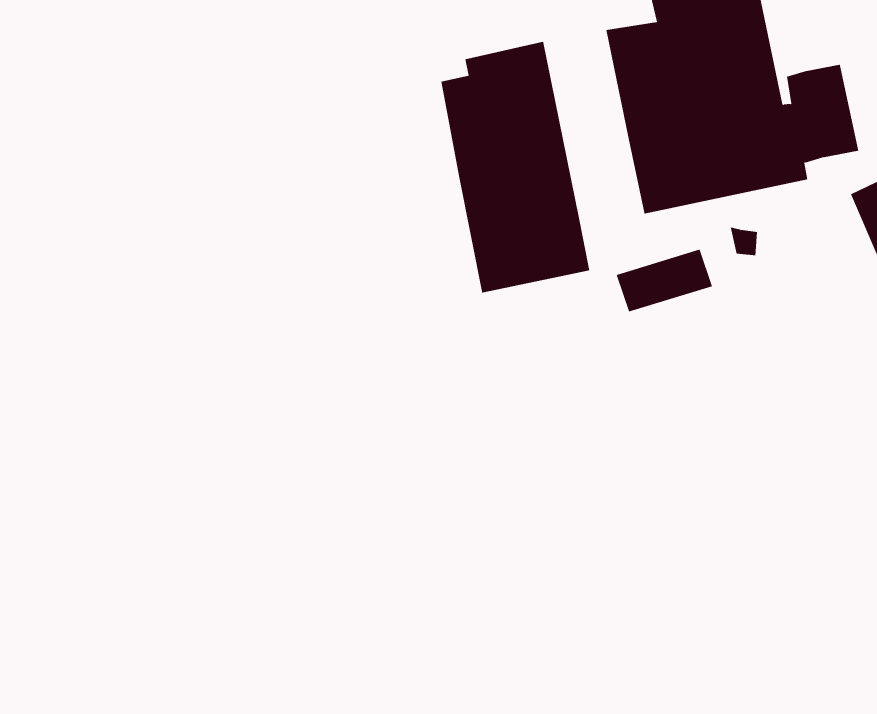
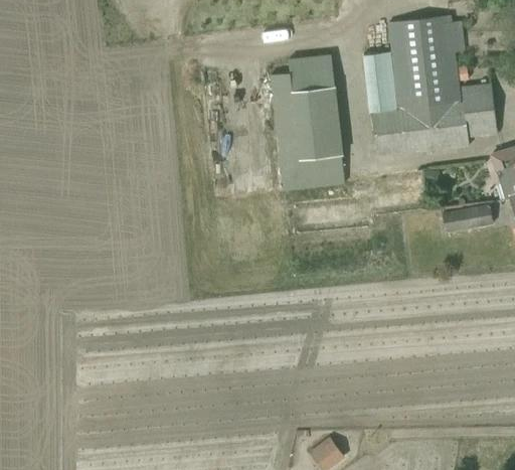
building: [616,249,713,312] -> [441,201,493,232]

